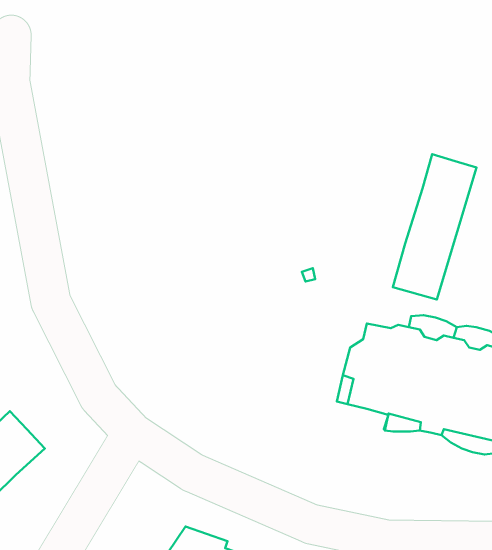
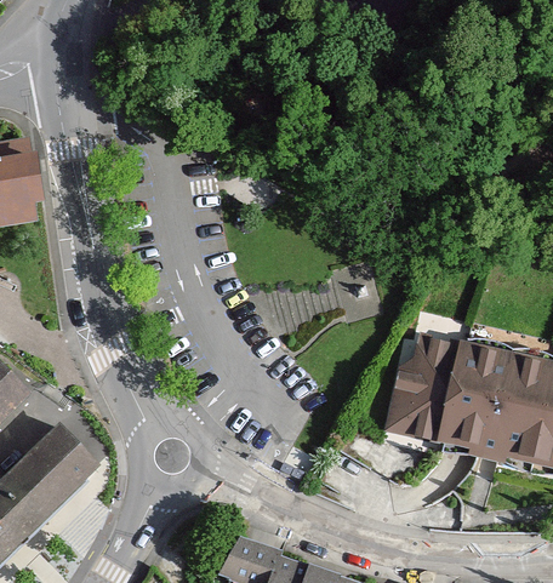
building: [393,154,477,299] -> none

